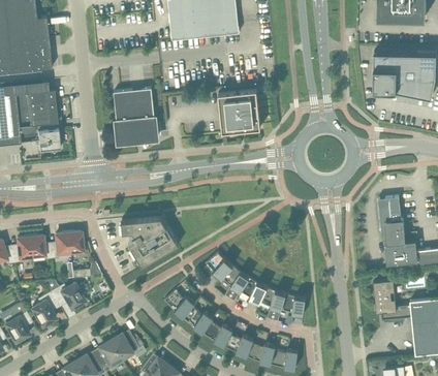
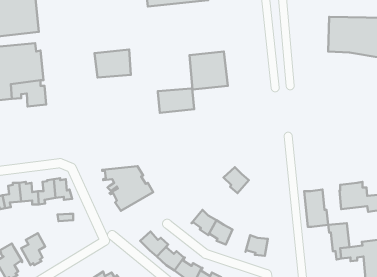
building: [117,116,157,143] -> [158,88,194,113]
building: [378,196,405,238] -> [304,189,328,227]
building: [206,251,233,280] -> [224,167,249,193]
building: [51,283,85,309] -> none
building: [259,287,286,312] -> none

